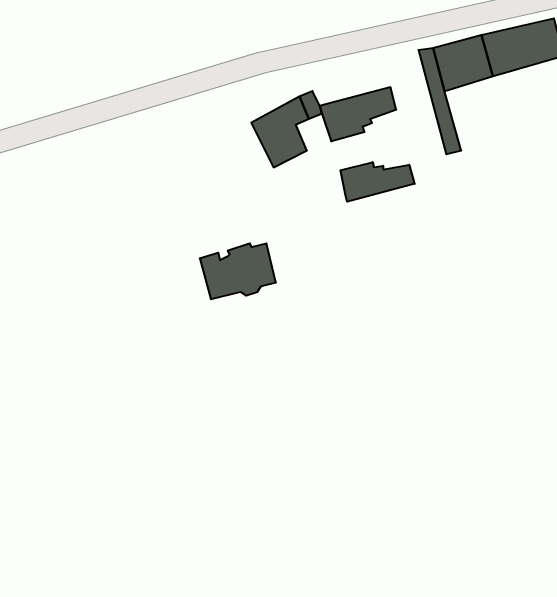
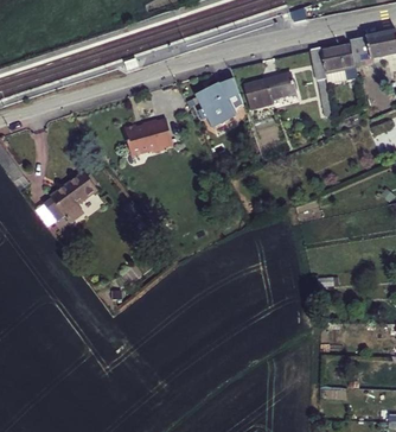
building: [341,162,415,202] -> none
building: none -> [43,170,95,220]
building: [200,243,276,299] -> [128,117,177,153]

